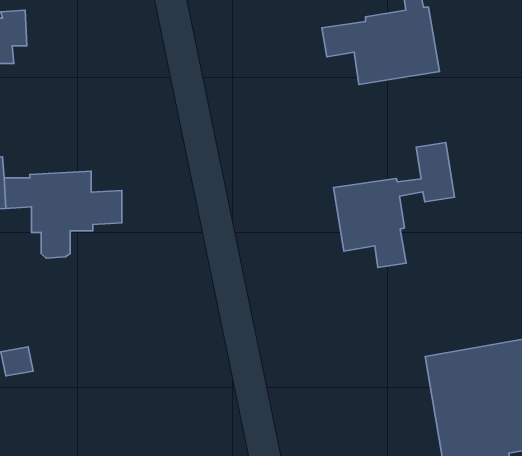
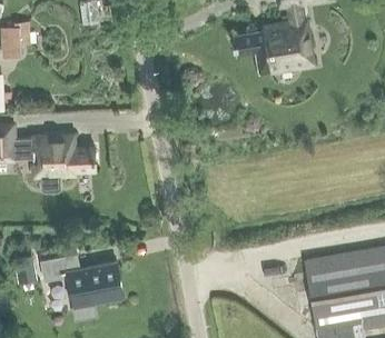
building: [334,142,454,268] -> none
building: none -> [40,254,122,320]

